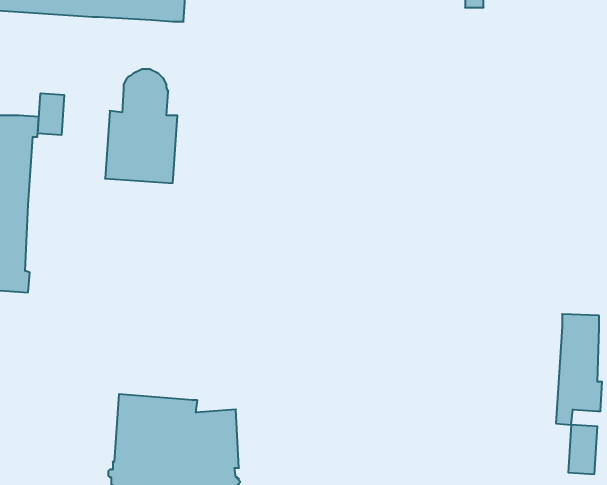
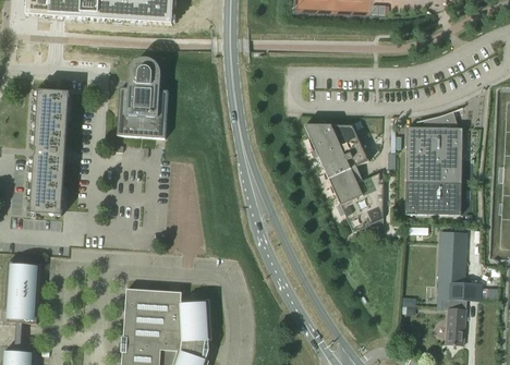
building: [38,93,64,135] -> none
building: none -> [404,111,461,212]
building: none -> [303,124,382,232]

